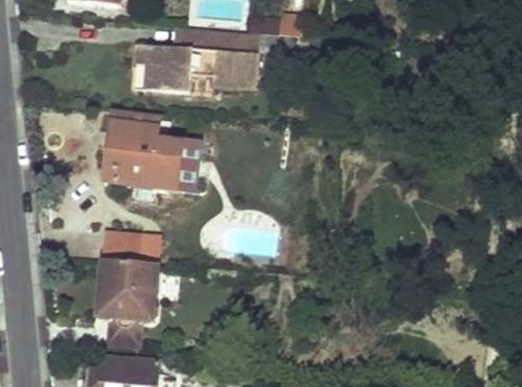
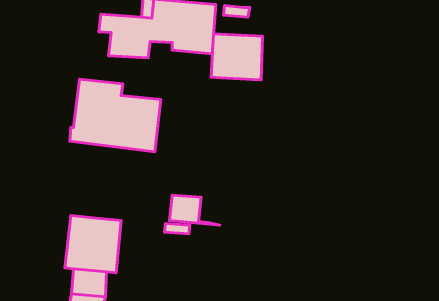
building: none -> [211,34,263,80]
building: [103,232,157,264] -> [169,195,220,225]

